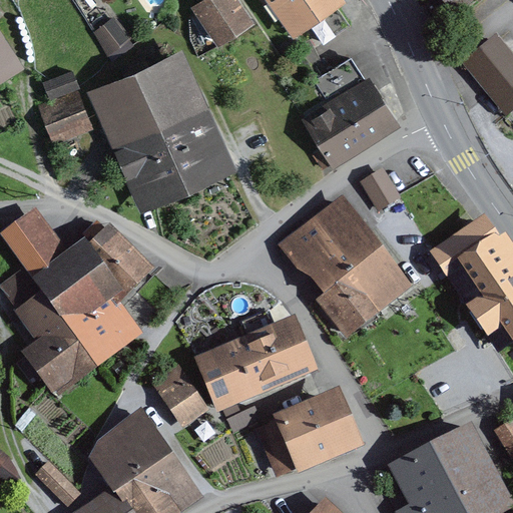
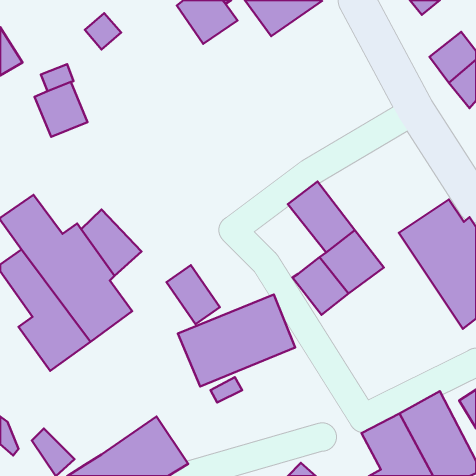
building: [84,47,235,212] -> none
building: [300,55,400,168] -> none
building: [360,166,401,209] -> none
building: [275,219,351,295] -> none
building: [151,366,208,429] -> [167,265,220,324]
building: [255,389,363,478] -> none
building: [87,405,168,489] -> none

